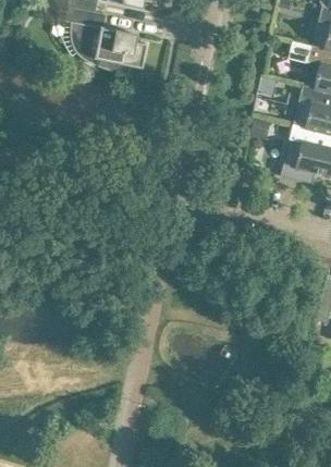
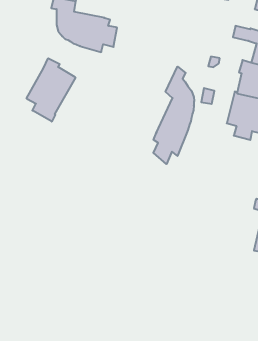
building: none -> [27,58,75,122]
building: none -> [153,67,194,164]

